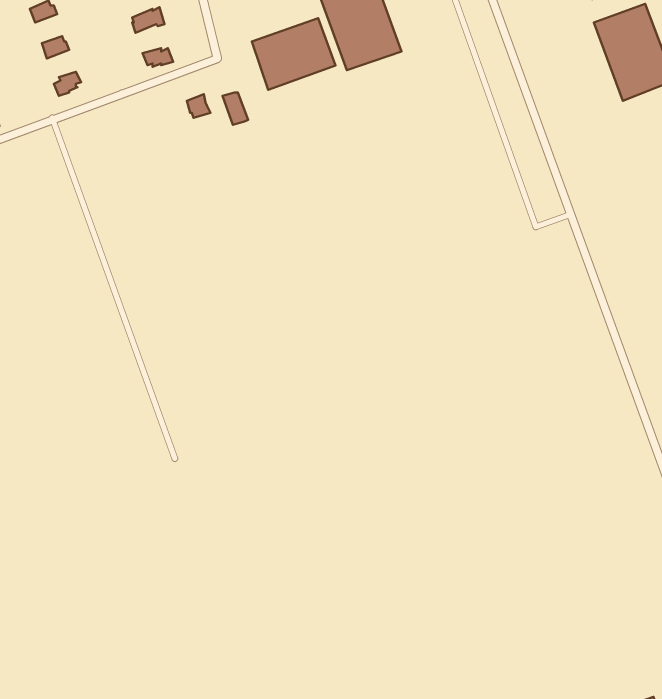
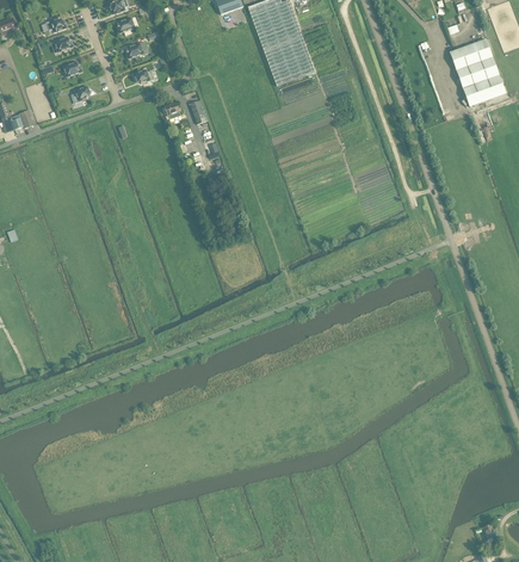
building: [252,18,336,90] -> none

